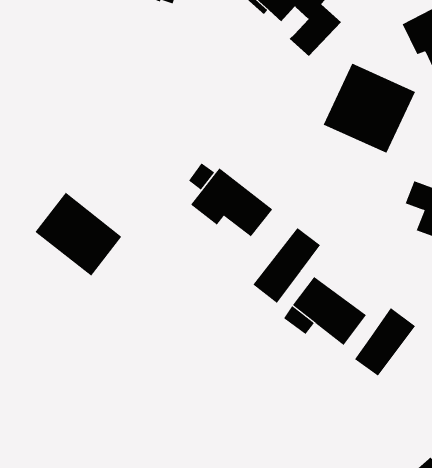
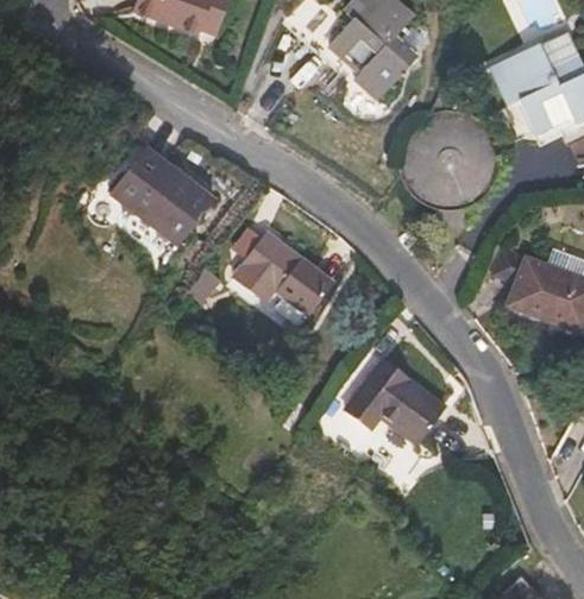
building: [35,192,122,277] -> [109,145,214,246]
building: [252,227,321,304] -> none
building: [354,307,416,377] -> none

